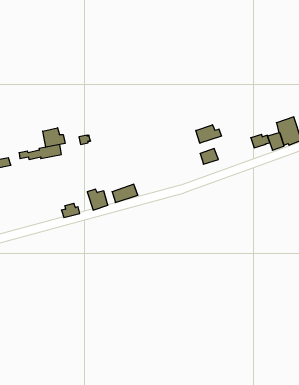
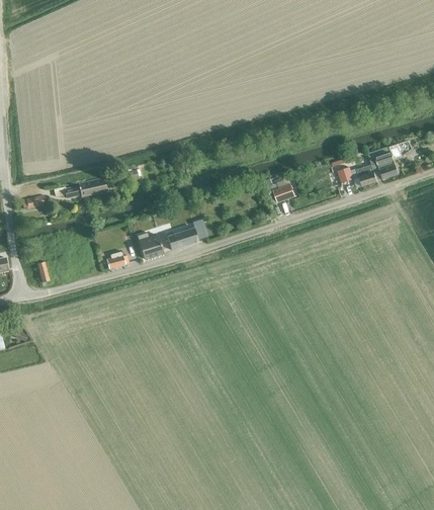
building: [196,125,221,143] -> none
building: [43,128,65,147] -> none

